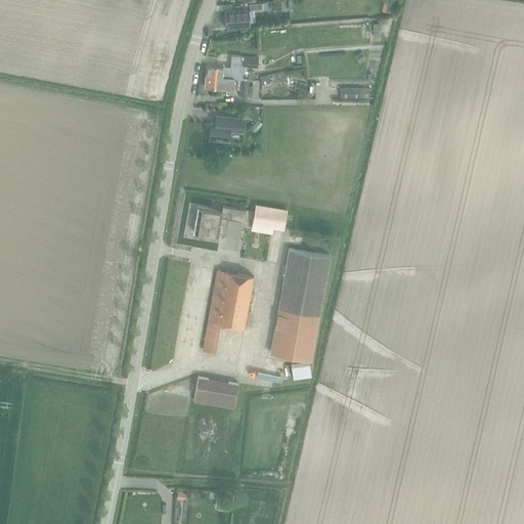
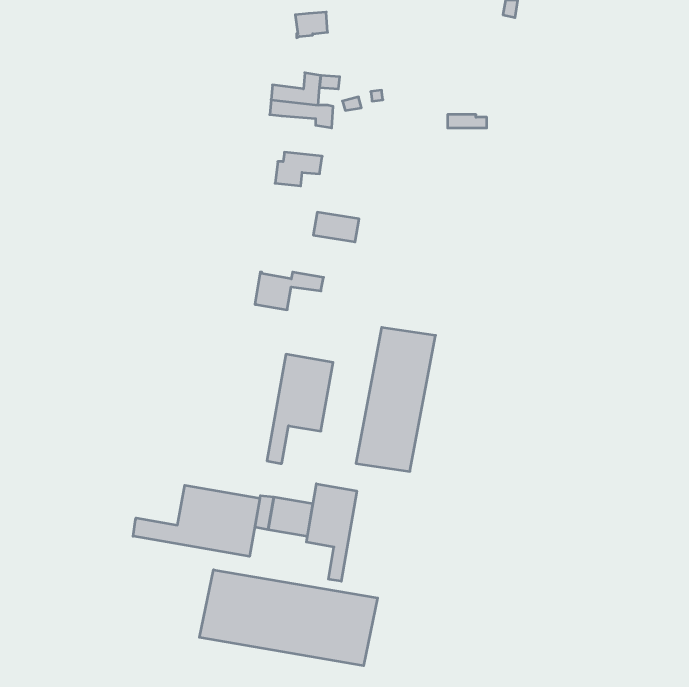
building: [252,207,287,229] -> [313,212,359,242]
building: none -> [306,484,357,581]
building: none -> [133,485,260,556]
building: none -> [199,570,378,666]

